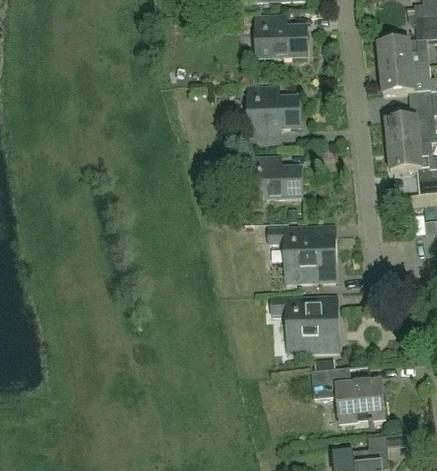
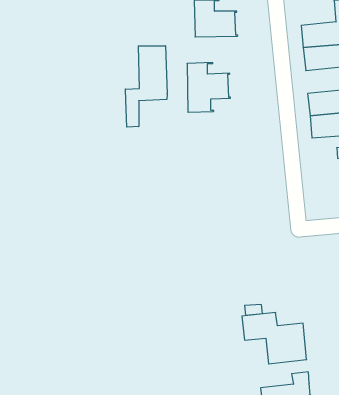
building: none -> [125,46,167,127]
building: [251,155,300,197] -> none
building: [269,225,335,280] -> none
building: [271,296,337,351] -> none

